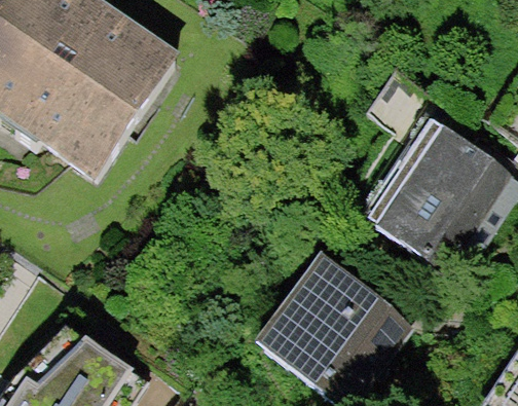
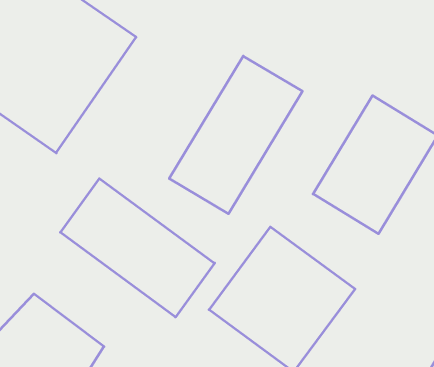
building: none -> [169,56,302,214]
building: none -> [60,179,215,317]

